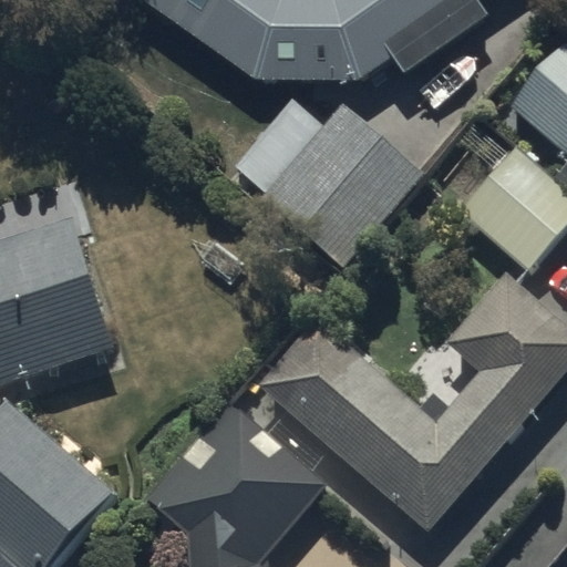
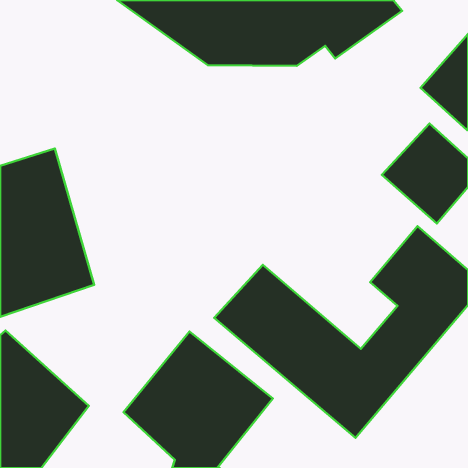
building: [235,101,423,275] -> none

